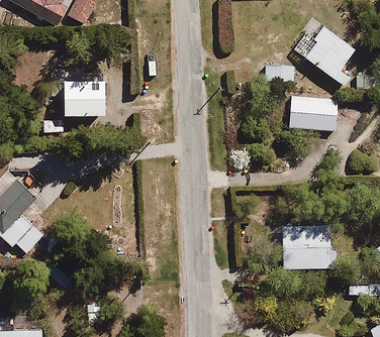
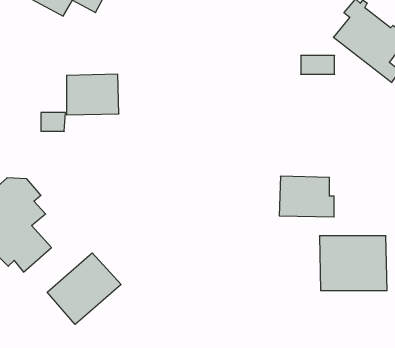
building: [288,95,336,130] -> [279,176,334,217]
building: none -> [47,253,121,324]

